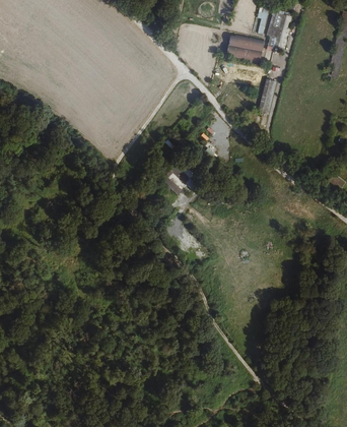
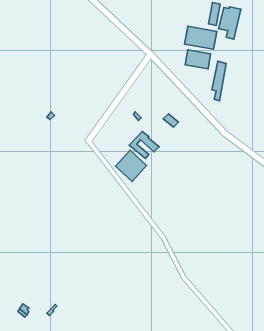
building: none -> [185,50,211,69]
building: none -> [116,150,147,181]

